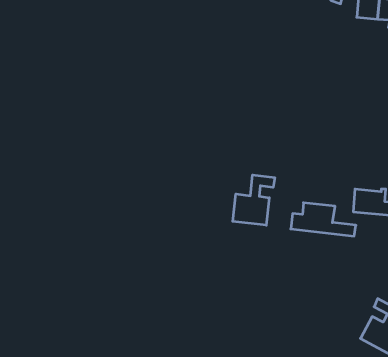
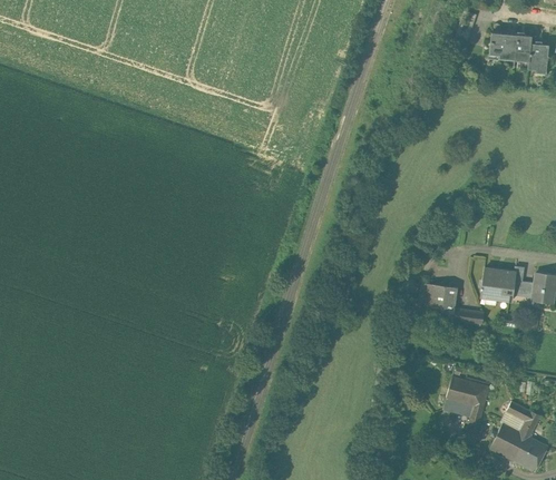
building: [233,175,275,225] -> none
building: none -> [445,375,490,419]

